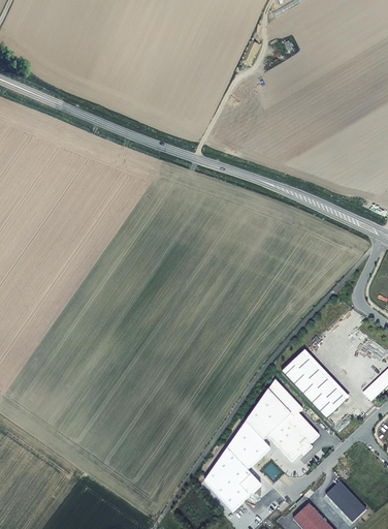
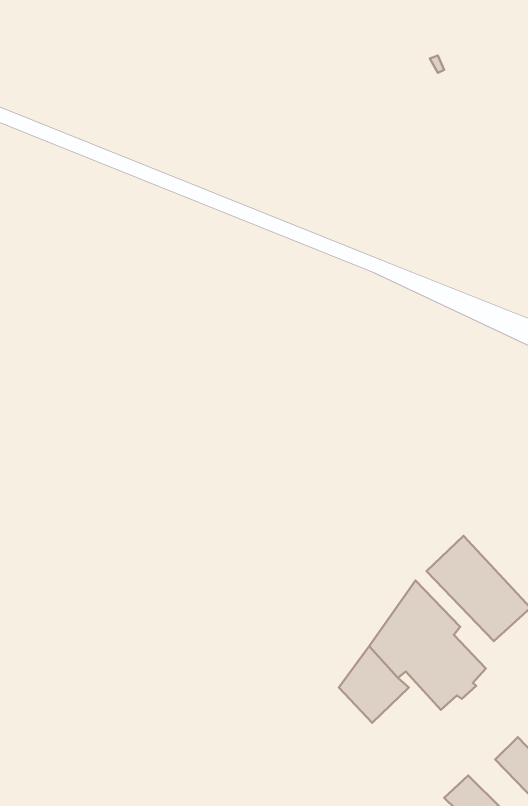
building: [203,447,261,511] -> none

